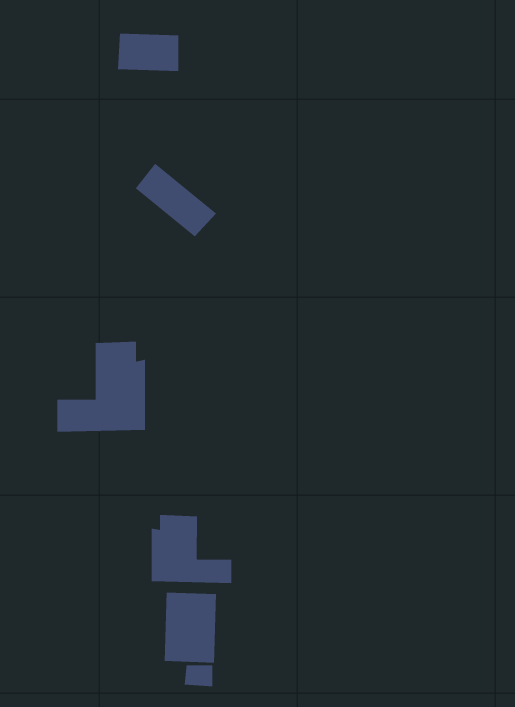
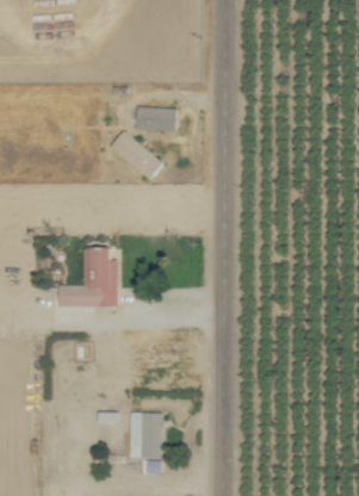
building: [117,33,179,71] -> [136,106,177,131]
building: [151,514,232,584] -> none

